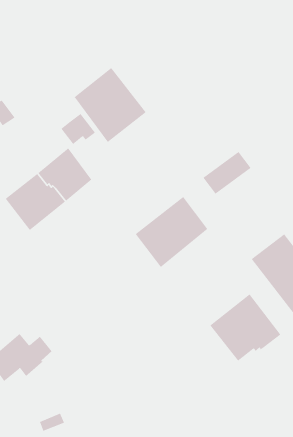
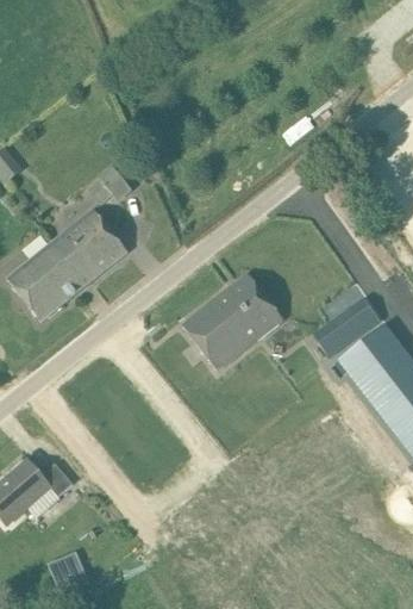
building: [74,67,146,143] -> none
building: [203,151,251,195] -> [314,297,380,355]
building: [210,294,281,362] -> none

